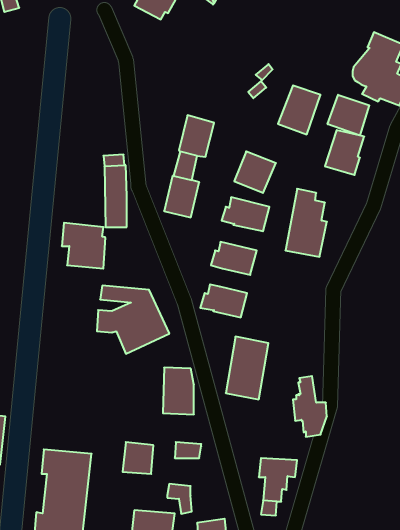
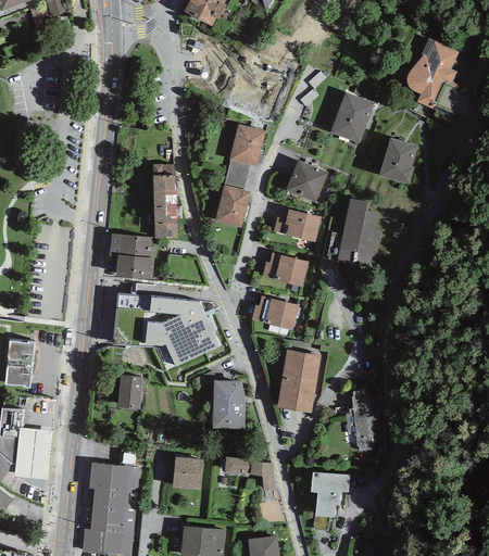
building: [328,95,369,135] -> none
building: none -> [117,375,142,408]
building: [167,484,192,514] -> [250,460,275,491]

